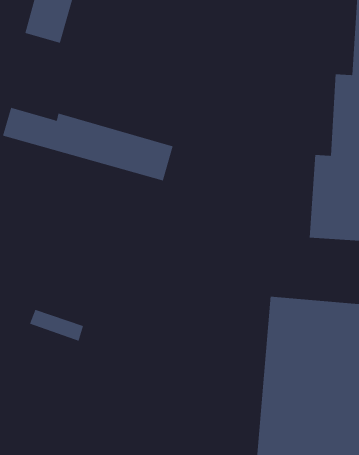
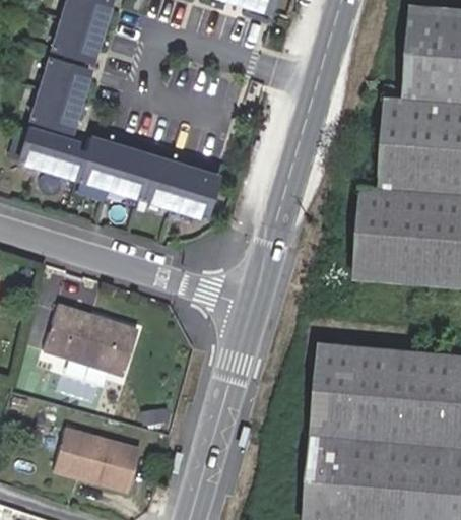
building: none -> [28,61,85,133]
building: none -> [43,304,136,374]
building: none -> [51,431,140,497]

